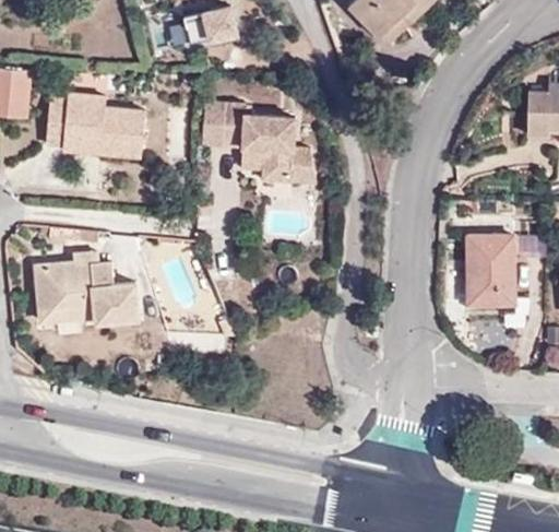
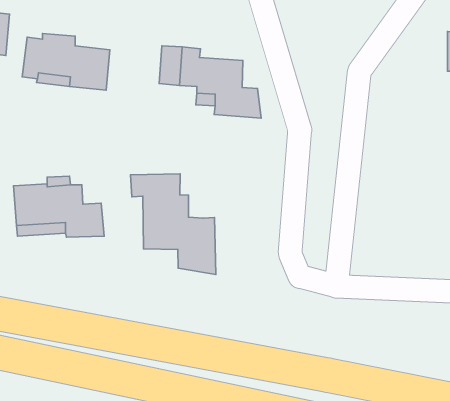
building: [468,233,514,303] -> none
building: none -> [131,174,216,275]

